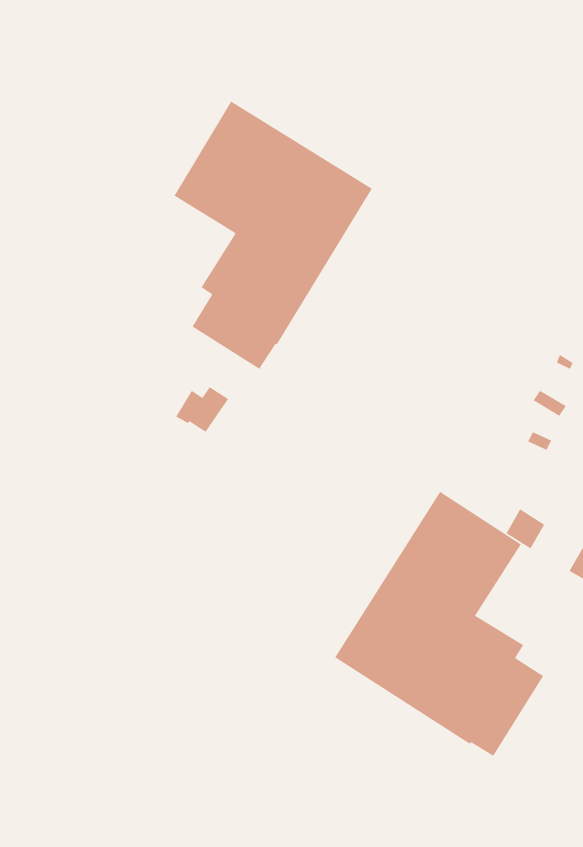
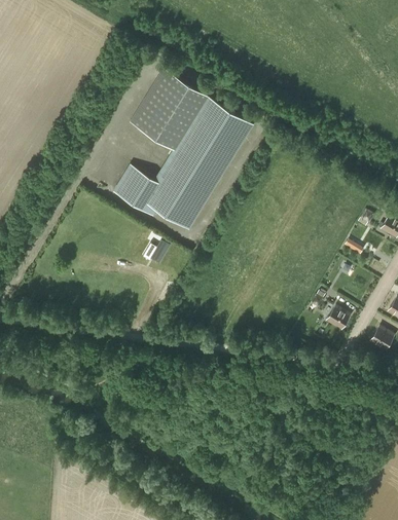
building: none -> [113,165,159,215]
building: [334,491,544,757] -> none

